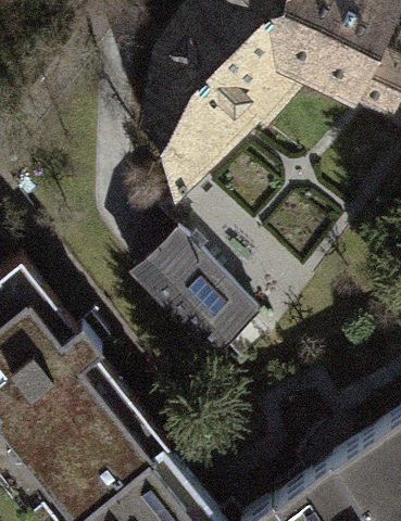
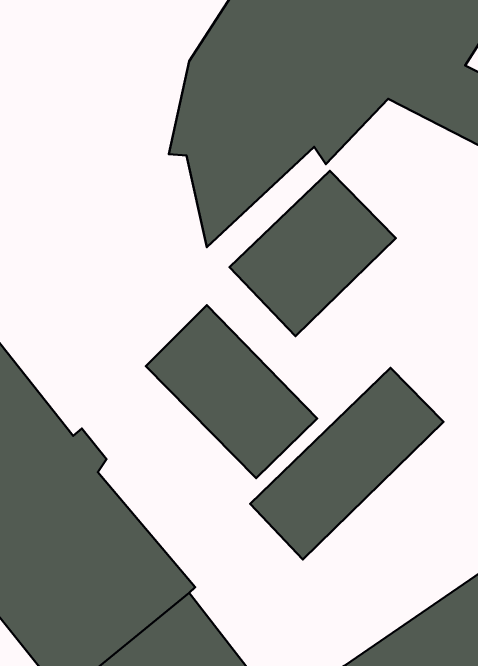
building: none -> [230,171,396,336]
building: none -> [250,368,443,560]

